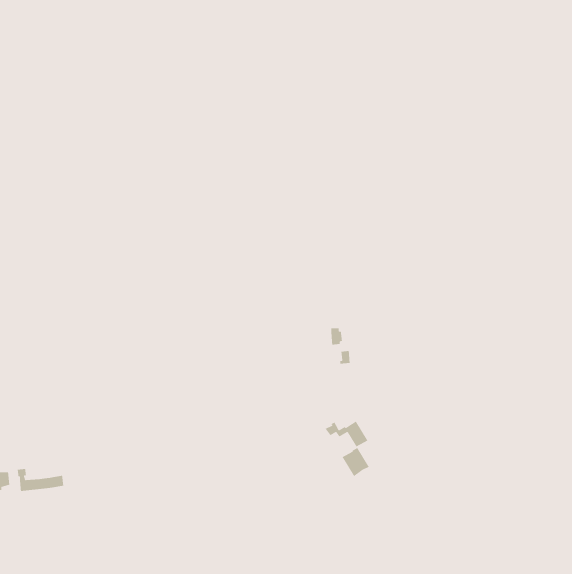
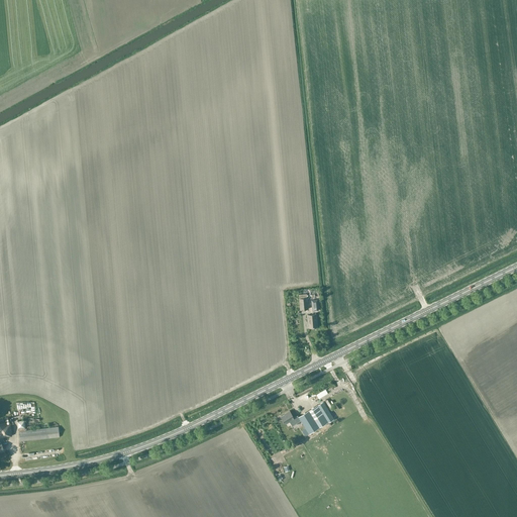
building: [325,421,368,448] -> [279,411,318,435]

